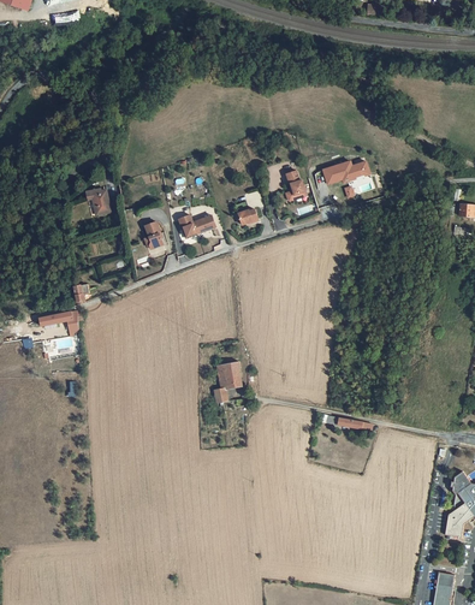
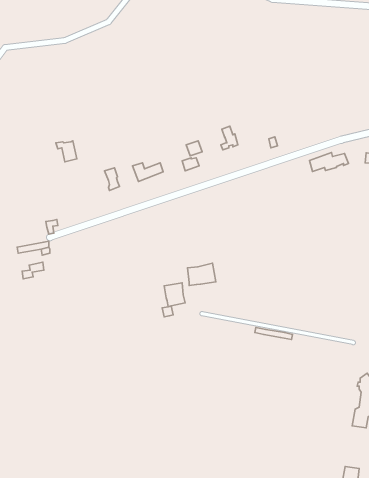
building: [323,161,370,184] -> [310,152,348,171]
building: none -> [187,263,216,286]

